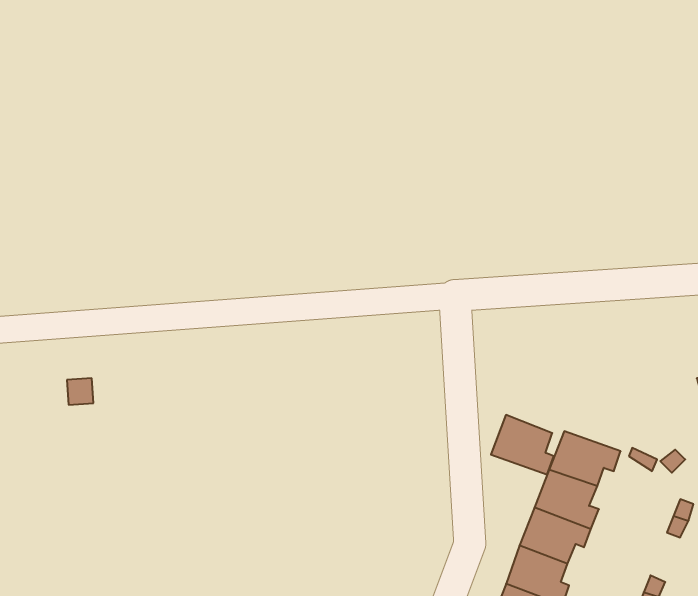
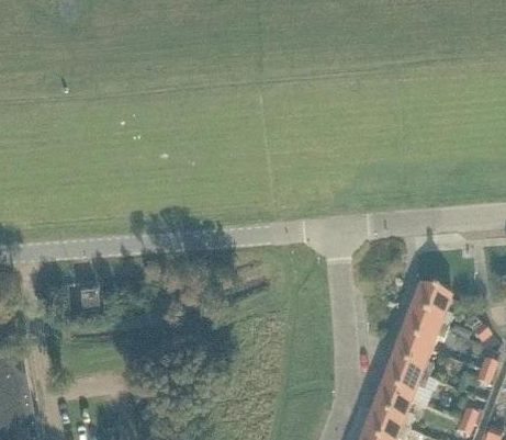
building: [491,415,554,474] -> [408,286,450,326]

